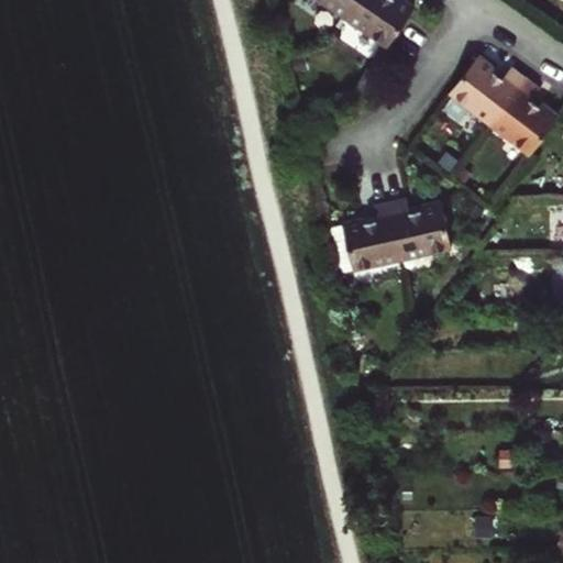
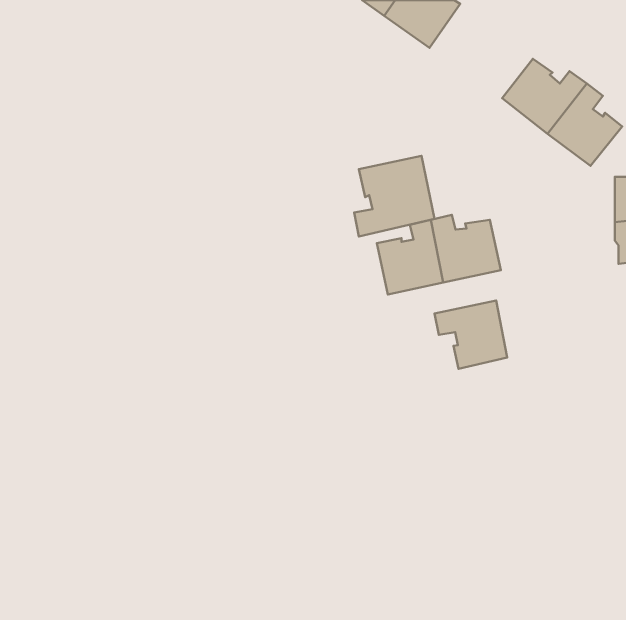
building: none -> [354,156,435,236]
building: none -> [435,300,507,369]

